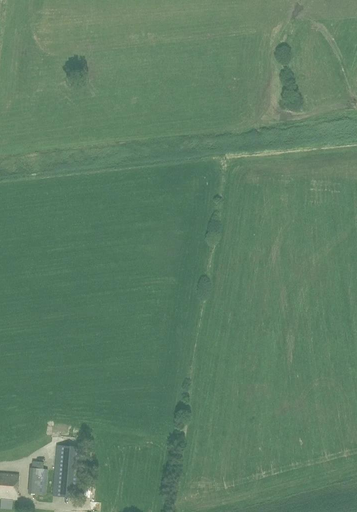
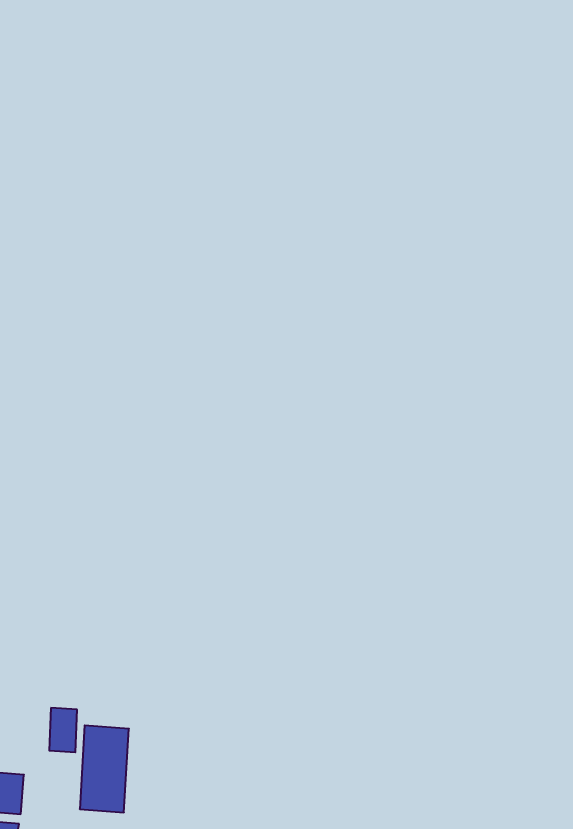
building: [31,467,48,494] -> [49,708,77,752]

